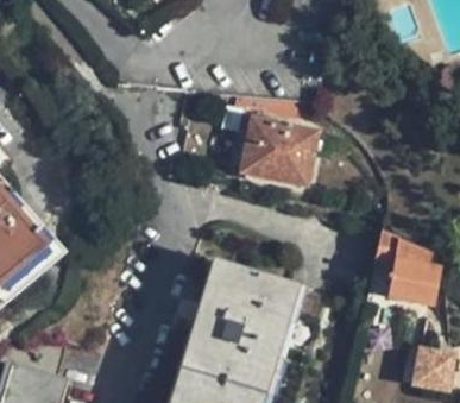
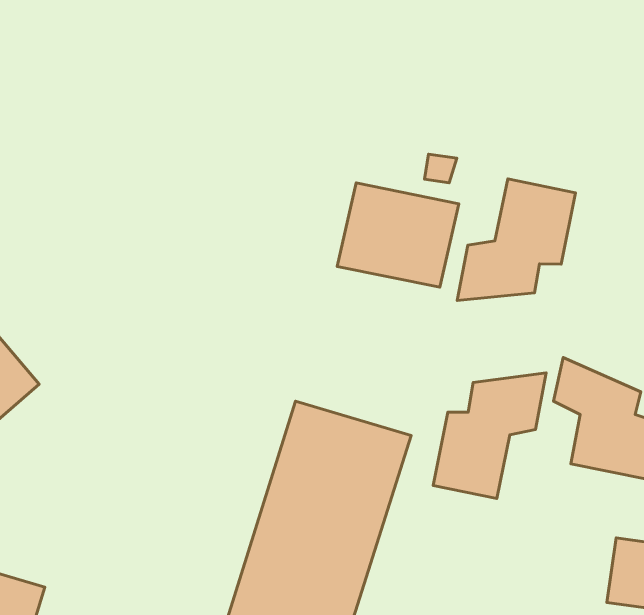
building: none -> [457,179,576,300]
building: none -> [433,373,546,498]

